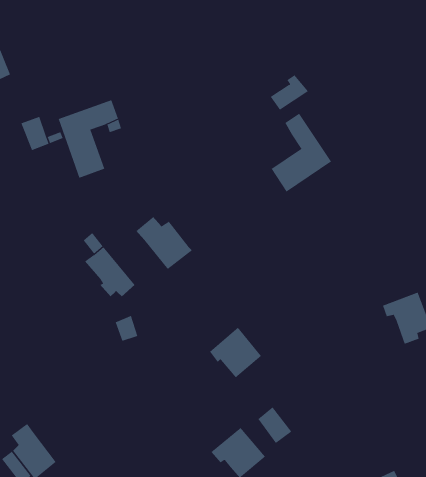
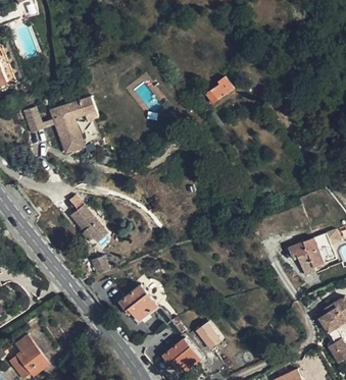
building: [271,113,332,192] -> none
building: [136,216,193,270] -> none
building: [209,327,262,378] -> [118,283,157,321]

